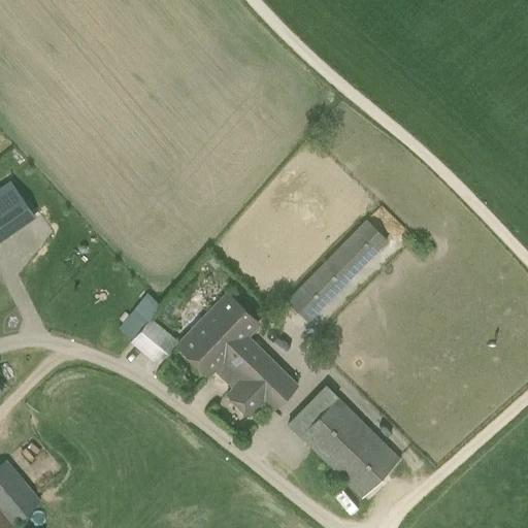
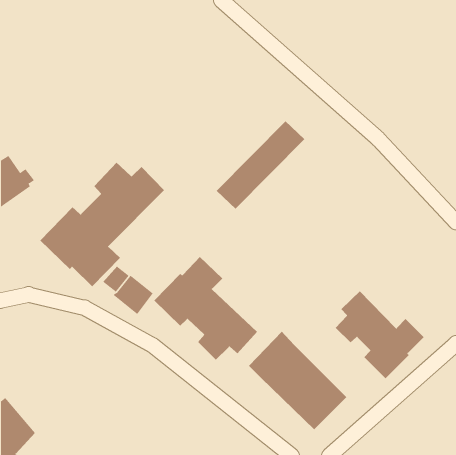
building: none -> [40,162,165,287]
building: [286,219,389,322] -> [216,120,305,210]
building: none -> [335,290,425,379]

